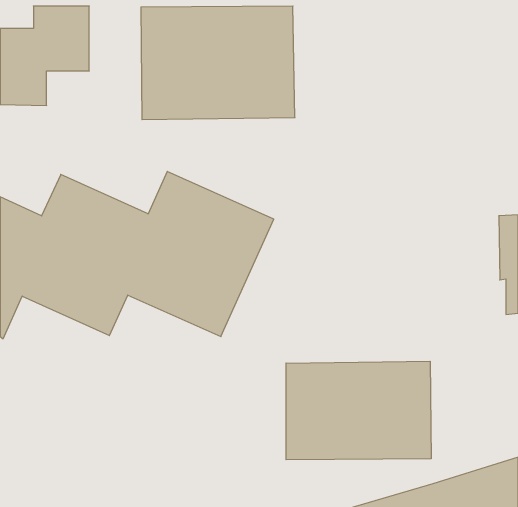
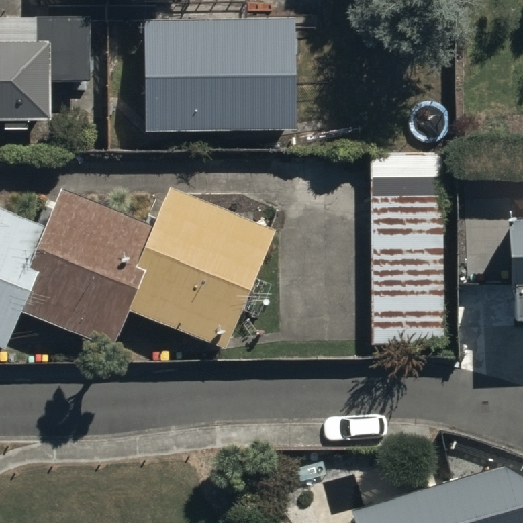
building: none -> [367,156,445,348]
building: [286,361,431,460] -> none

